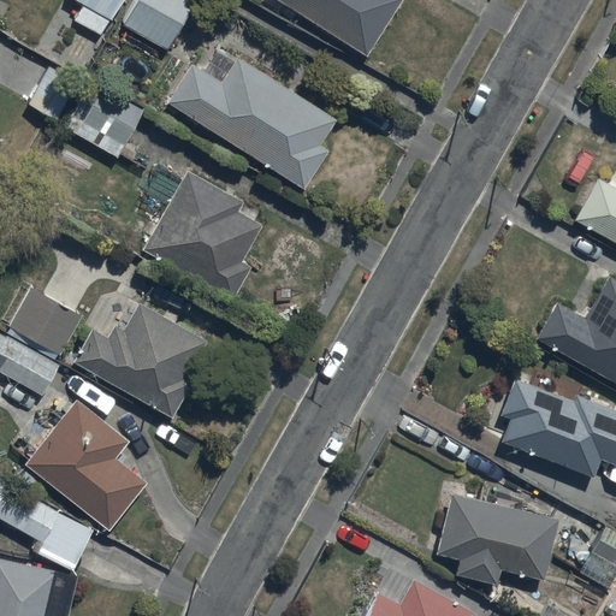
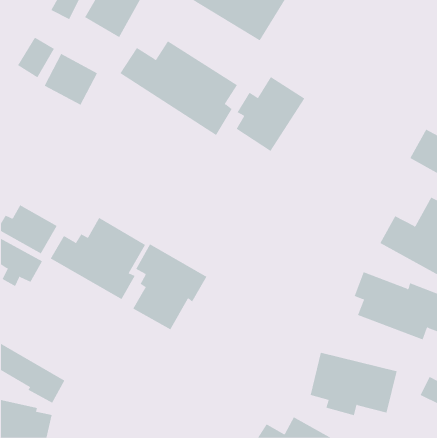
building: none -> [236,76,305,152]
building: [142,171,261,303] -> none
building: none -> [133,244,207,330]
building: [23,399,148,532] -> none

